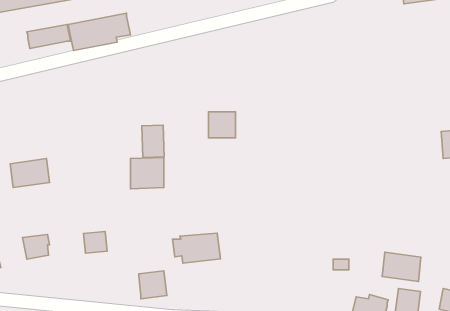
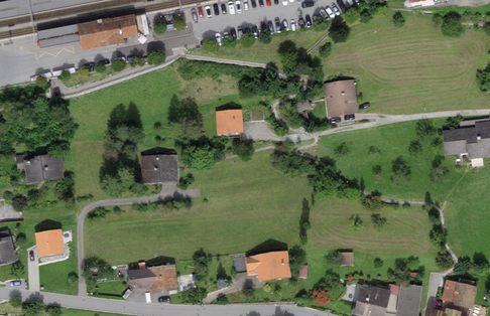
building: none -> [325,80,357,114]
building: [142,125,164,158] -> none
building: [83,231,107,253] -> [128,268,151,289]
building: [173,233,220,263] -> [245,252,291,281]
building: [382,252,421,282] -> none

